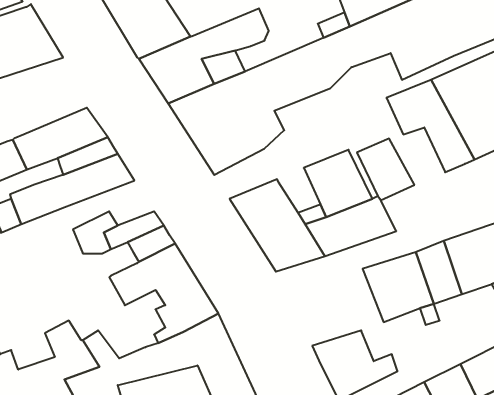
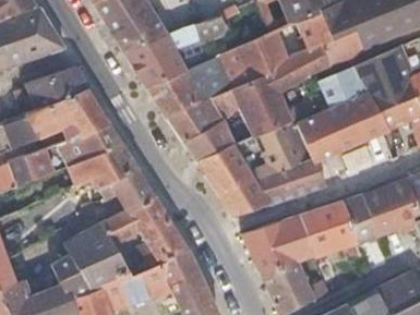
building: none -> [230,46,329,136]
building: none -> [25,66,87,109]
building: none -> [320,104,363,148]
building: none -> [183,120,232,159]
building: none -> [67,145,136,183]
building: none -> [240,214,315,274]
building: none -> [62,220,130,283]

